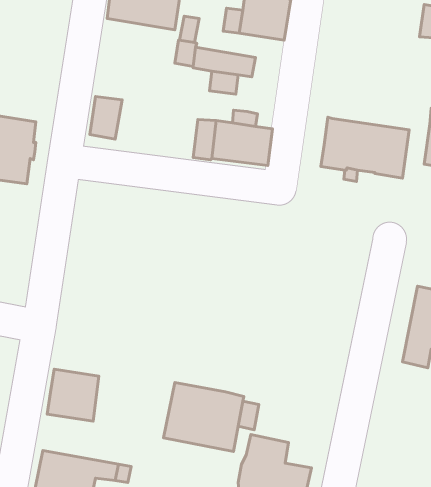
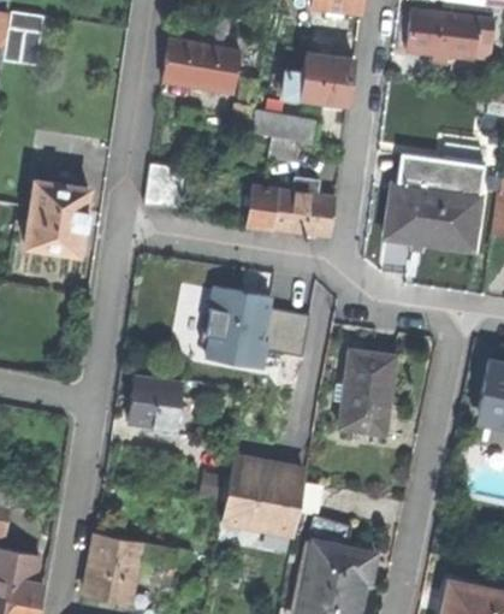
building: none -> [398,154,484,197]
building: none -> [201,287,310,367]
building: none -> [338,349,395,432]
building: [47,369,99,421] -> [128,374,182,429]

